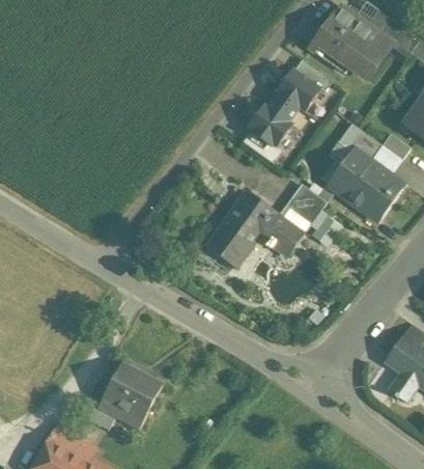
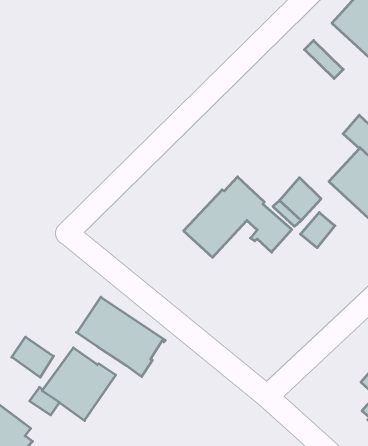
building: [248,70,320,150] -> none
building: none -> [76,297,165,377]
building: none -> [12,337,54,377]

